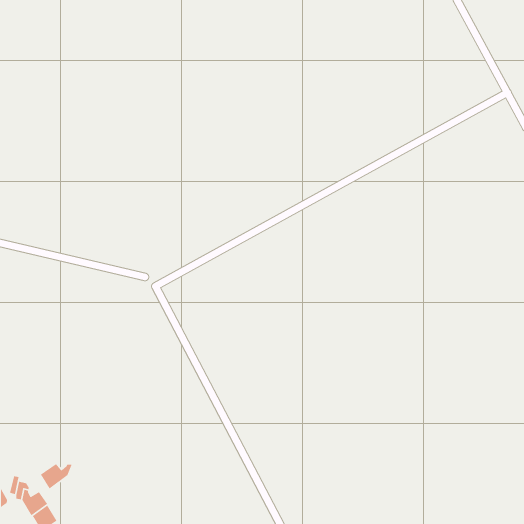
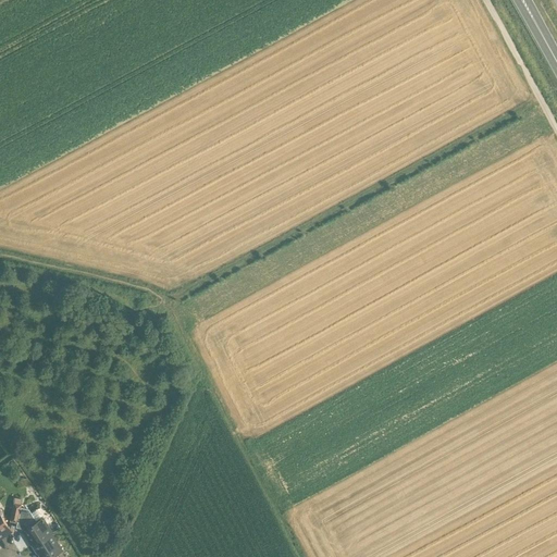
building: [39,463,73,489] -> none

